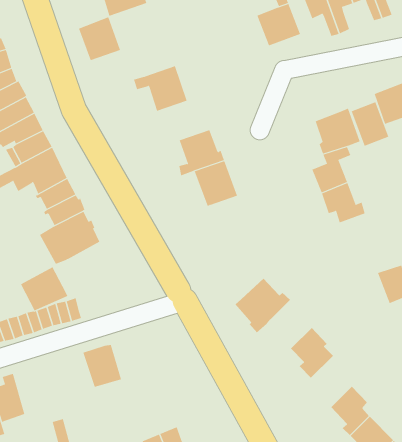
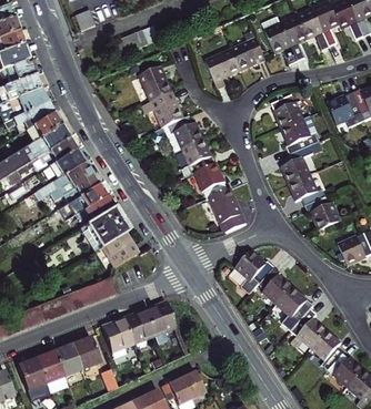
building: none -> [209,49,244,90]
building: [78,16,121,61] -> [139,67,173,102]
building: none -> [161,116,203,153]
building: [351,102,389,147] -> [272,92,303,127]
building: none -> [208,187,248,233]
building: none -> [309,196,347,229]
building: [20,267,68,311] -> [100,233,138,268]
building: none -> [261,267,293,305]
building: none -> [139,301,174,344]
building: none -> [98,319,128,359]
building: none -> [295,308,328,348]
building: none -> [64,336,94,370]

